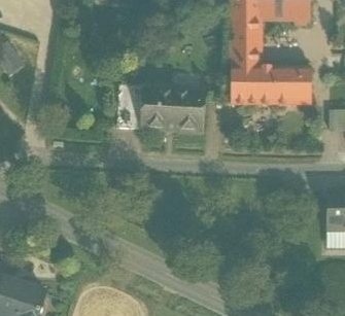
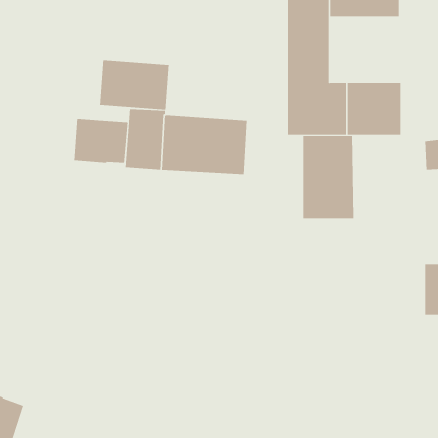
building: none -> [100,60,169,110]
building: none -> [74,118,128,163]
building: none -> [303,135,354,219]

